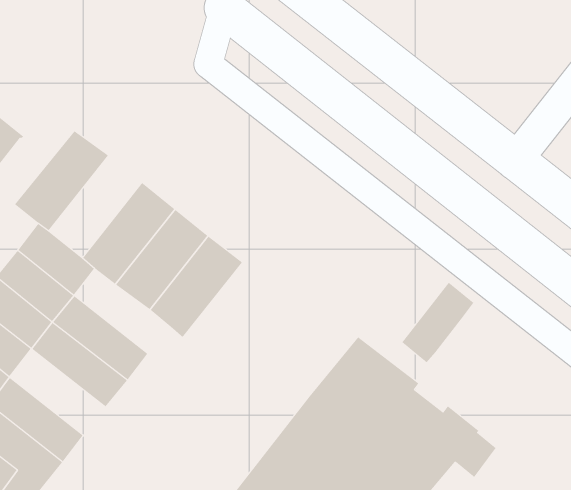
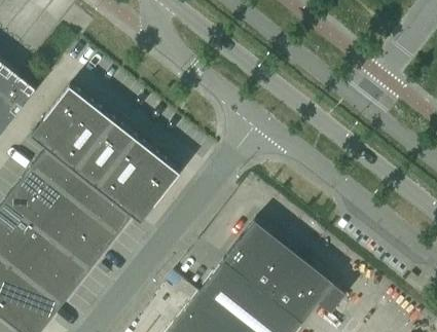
building: none -> [52,103,113,170]
building: none -> [69,177,132,232]
building: [401,282,474,363] -> none
building: none -> [27,229,89,286]

